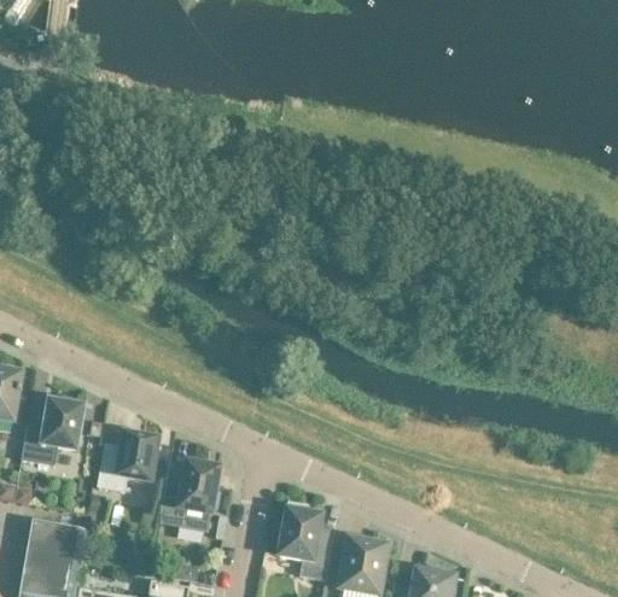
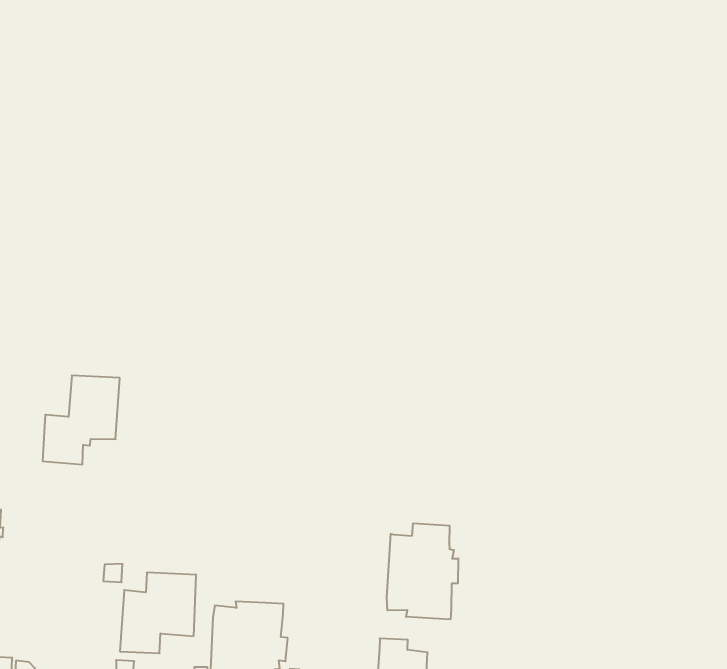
building: [19,402,83,468] -> [43,375,120,465]
building: none -> [387,523,458,619]

